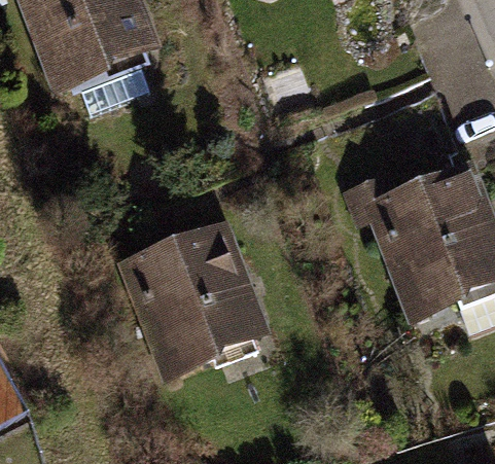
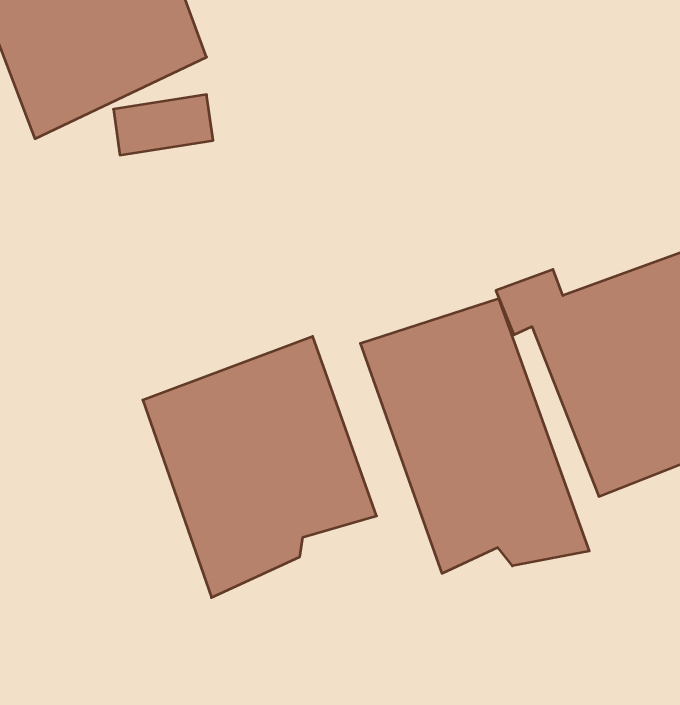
building: none -> [360,299,589,573]

